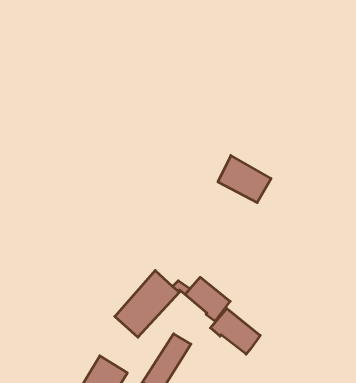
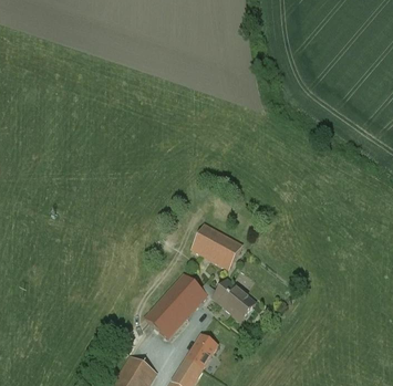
building: [218,155,271,203] -> [192,223,242,269]
building: [210,309,260,354] -> none

